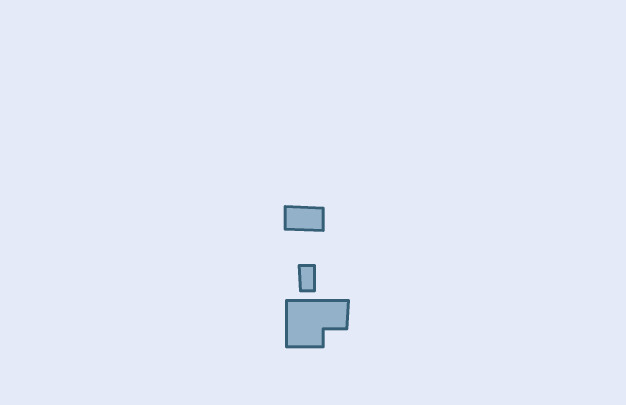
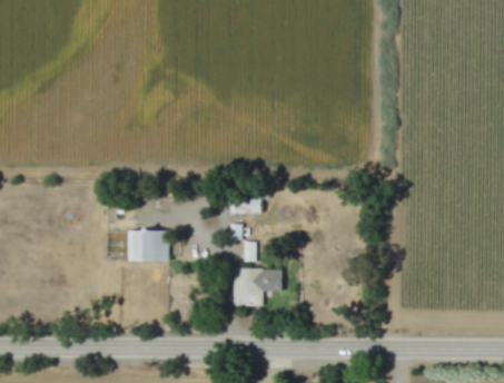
building: none -> [127,229,168,259]

